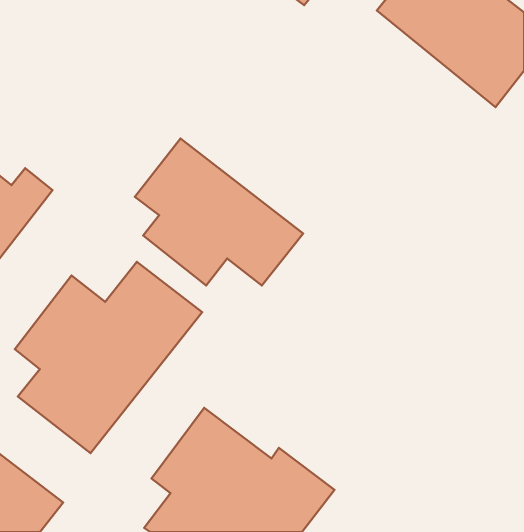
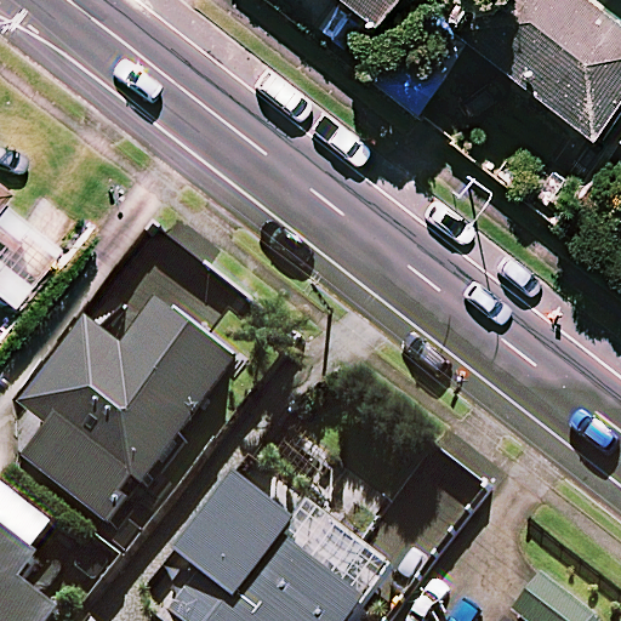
building: [135,138,303,285] -> none

